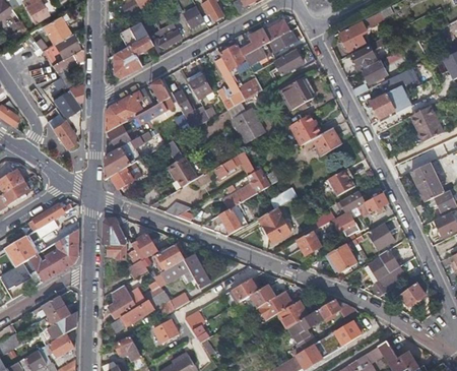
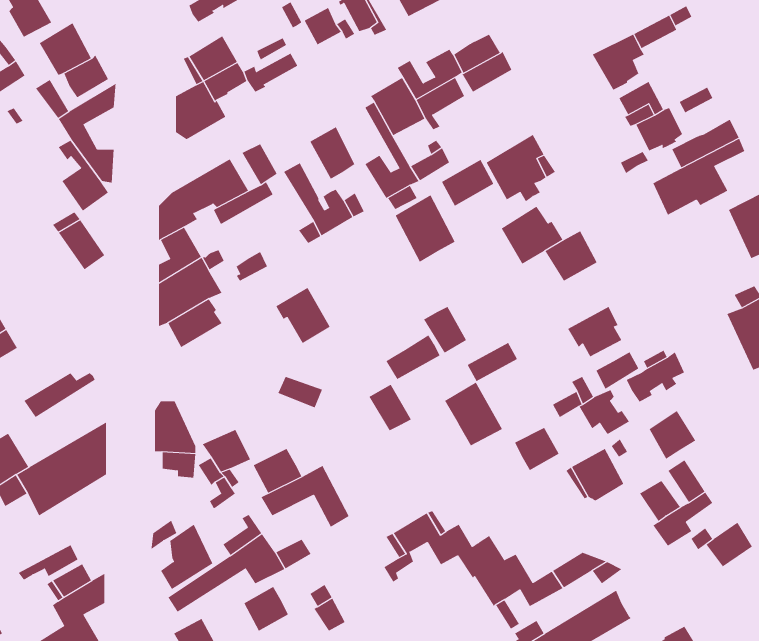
building: [273,50,302,75] -> [441,159,494,206]
building: [214,152,255,177] -> none

